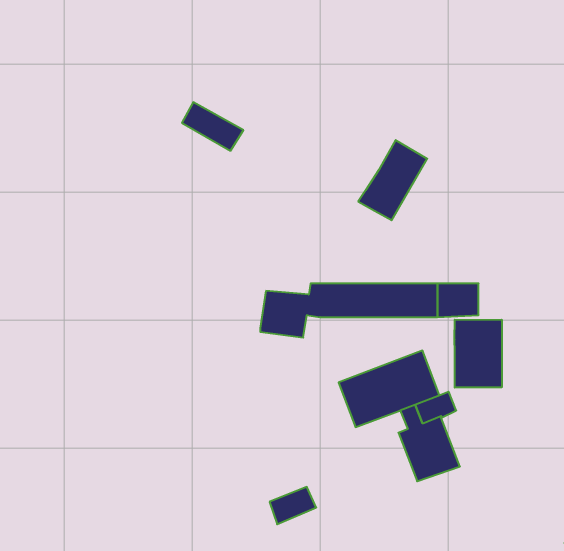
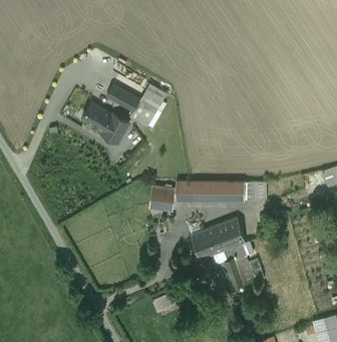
building: none -> [84,103,128,142]
building: [358,140,427,220] -> [128,83,165,126]
building: [455,320,502,388] -> none

